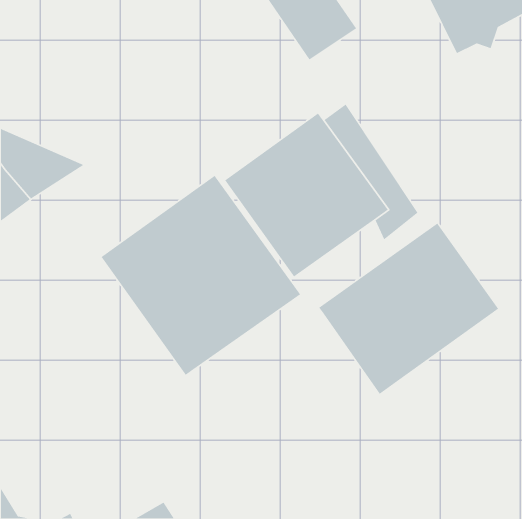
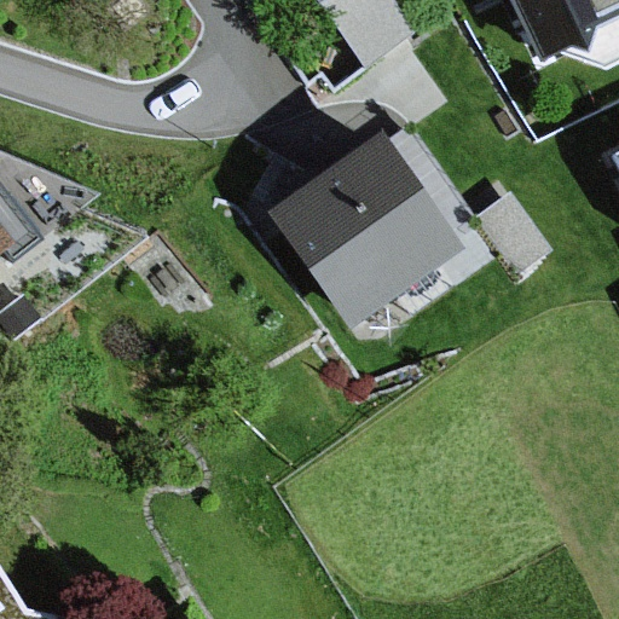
building: [100,175,301,376] -> none
building: [318,222,499,395] -> none

